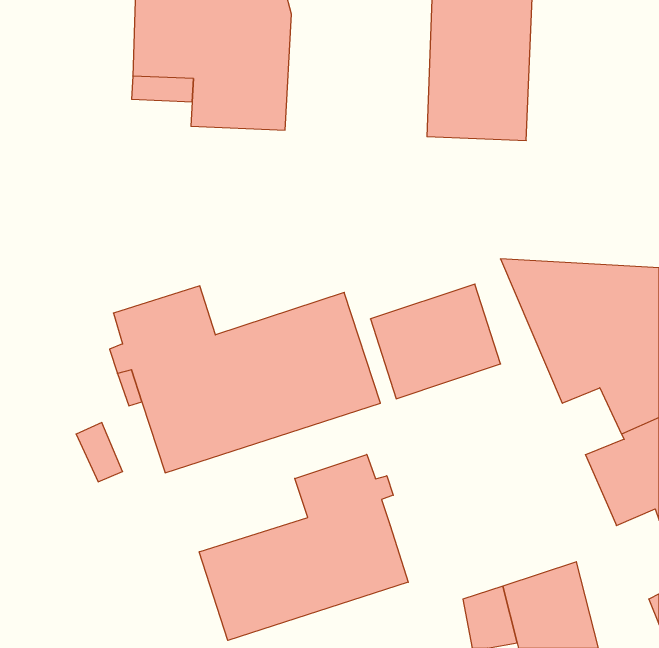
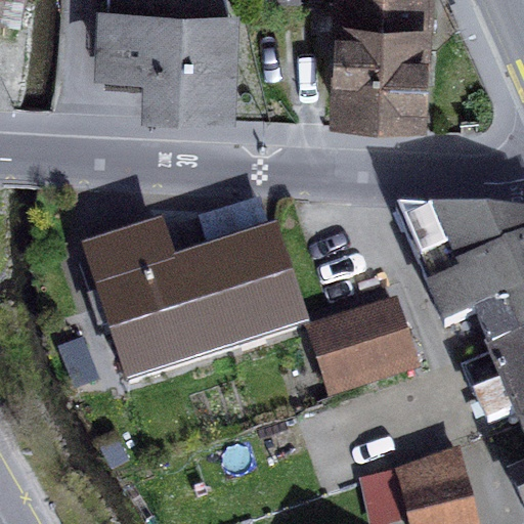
building: [370,284,501,399] -> [311,299,414,390]
building: [199,454,408,640] -> none

